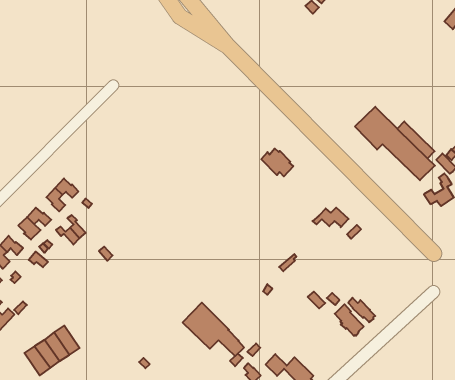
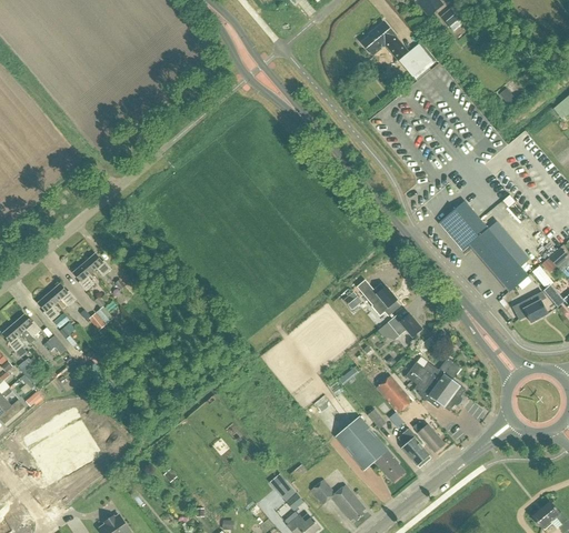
building: [261,149,293,176] -> [362,282,399,315]
building: none -> [405,356,465,411]
building: none -> [375,374,411,412]
building: [183,303,244,356] -> [335,414,403,480]

